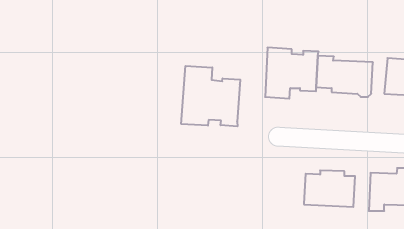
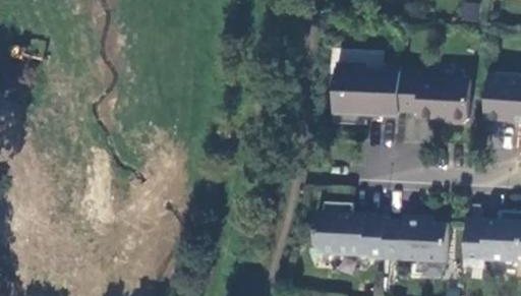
building: [181,66,240,126] -> none
building: none -> [314,201,385,257]

